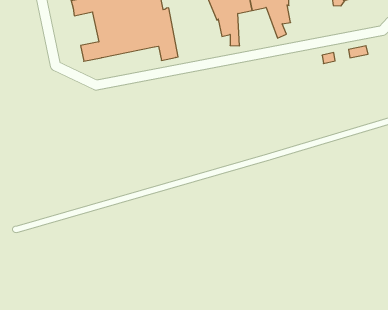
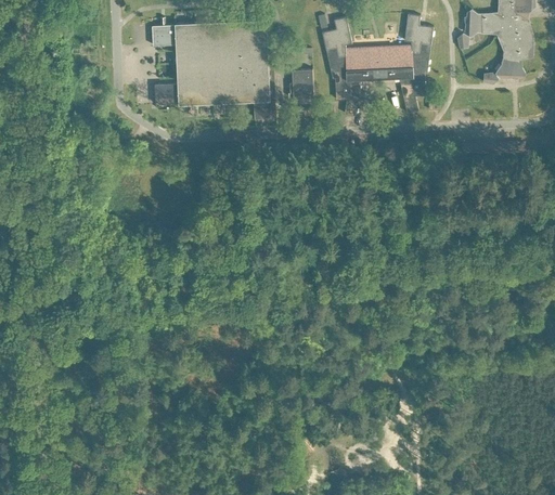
building: none -> [289,69,313,99]

